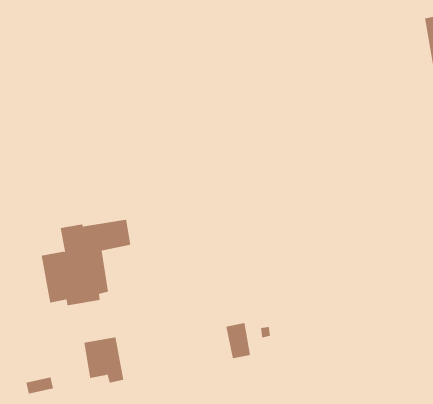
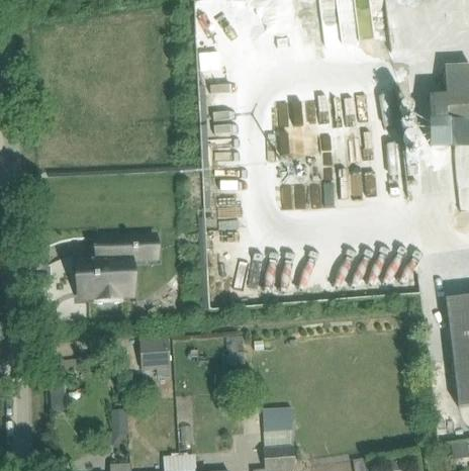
building: [83,337,124,383] -> [139,338,170,376]

